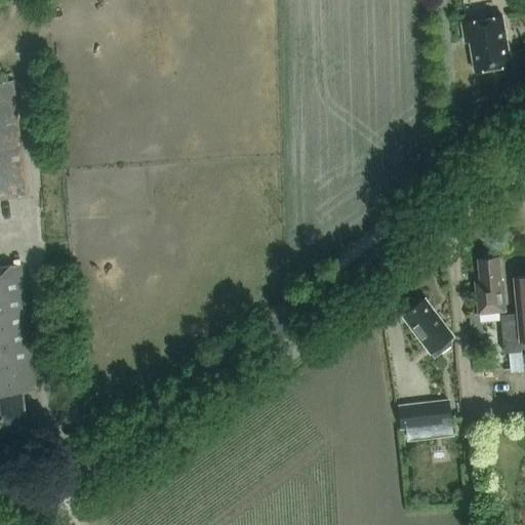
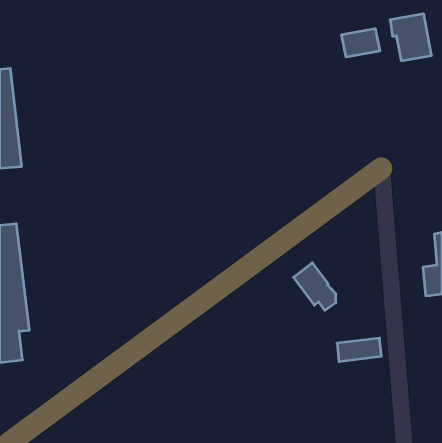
building: none -> [342,29,380,57]
building: [475,257,506,314] -> none
building: [402,298,452,355] -> [293,263,336,310]

